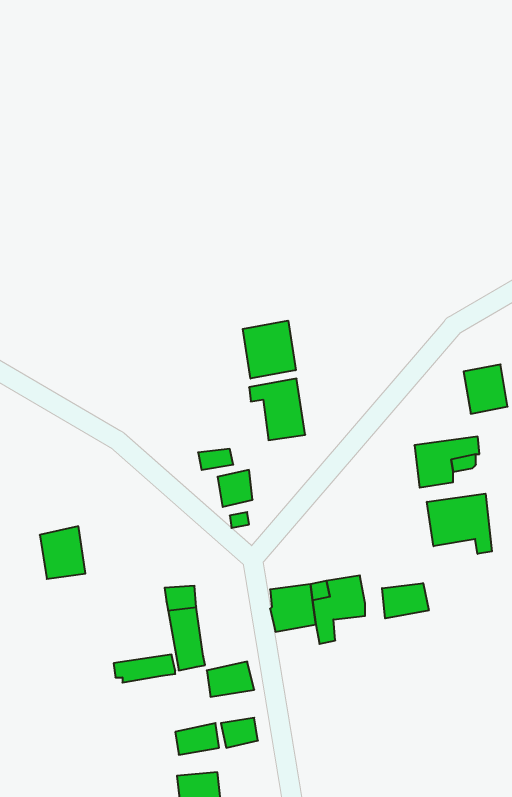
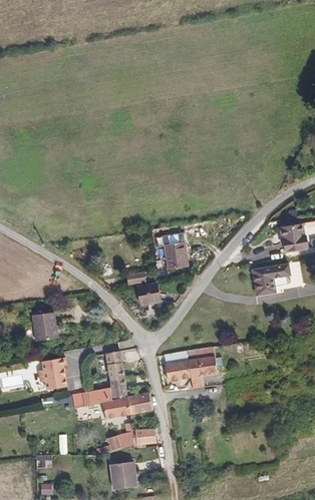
building: [243,321,296,379] -> none
building: [427,494,492,554] -> none
building: [382,583,429,618] -> none
building: none -> [41,356,66,389]
building: none -> [105,399,132,418]

